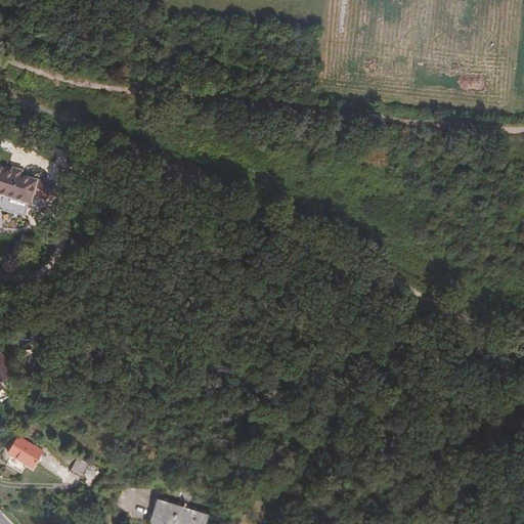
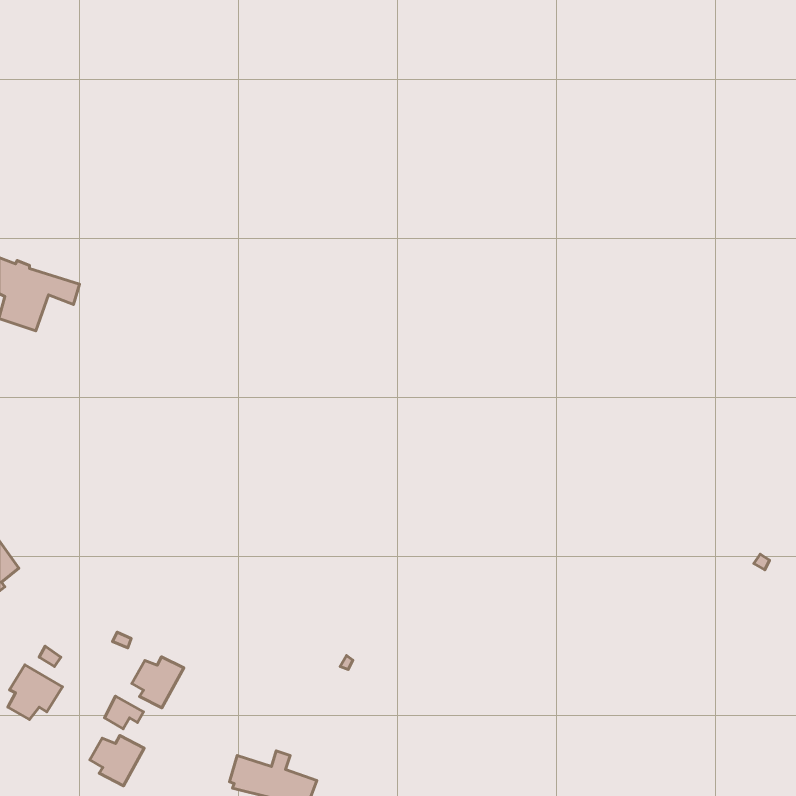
building: none -> [132,657,184,708]
building: none -> [90,736,144,786]

